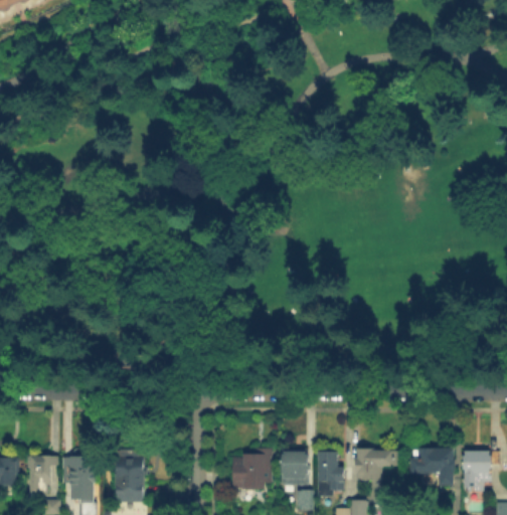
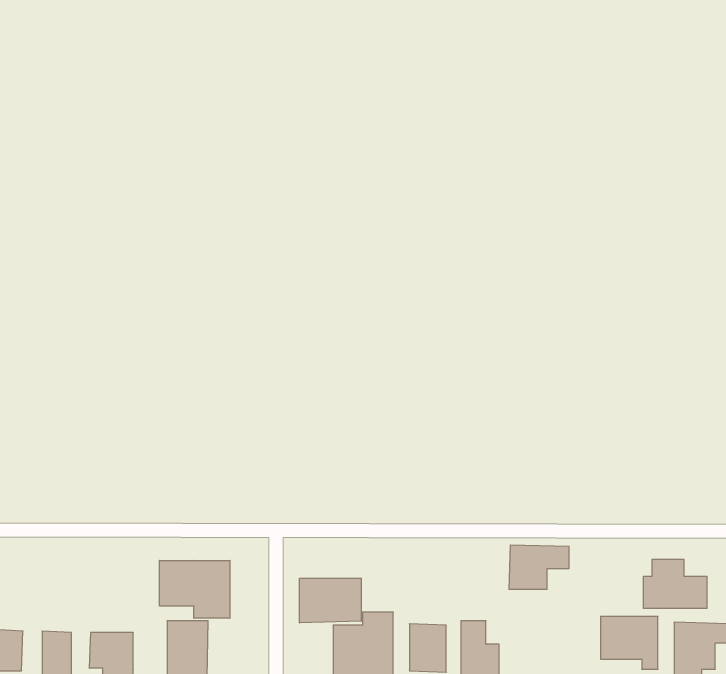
building: none -> [644,559,707,608]
building: none -> [160,560,230,618]
building: none -> [300,578,361,623]
building: [356,451,397,481] -> [509,545,569,589]

